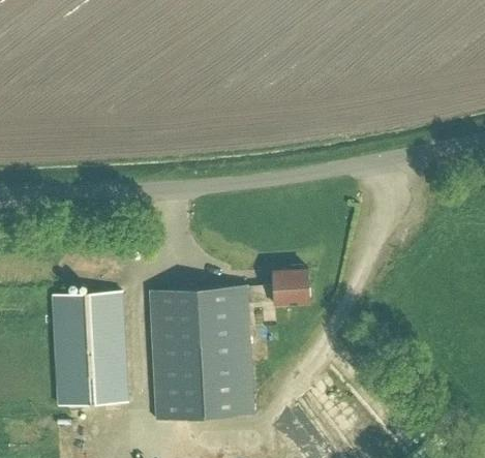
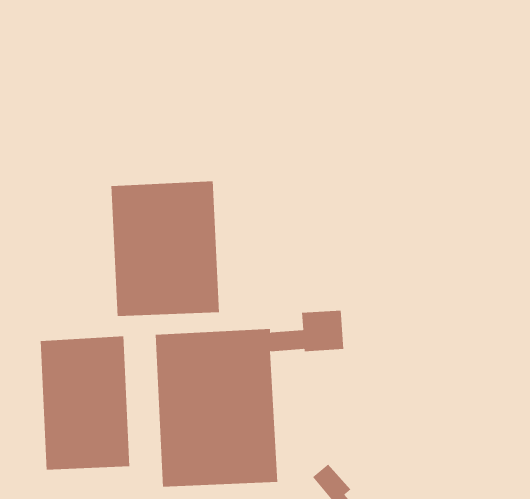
building: none -> [111,180,219,317]

